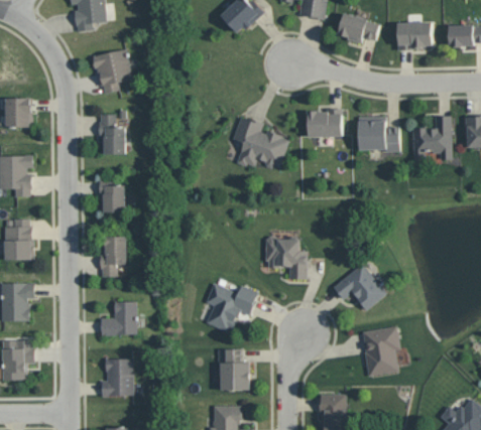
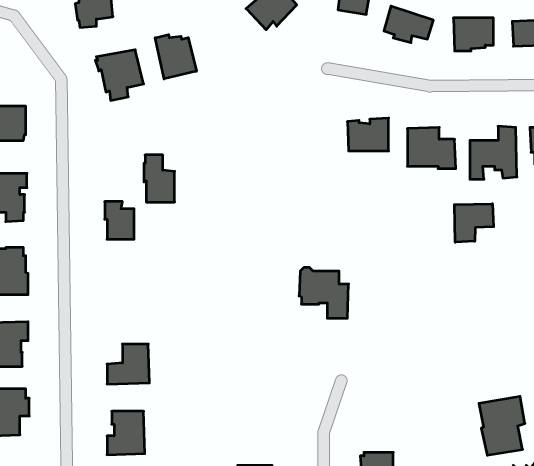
building: none -> [155,35,196,79]
building: [99,115,125,155] -> [144,155,175,202]
building: [232,118,288,168] -> none
building: none -> [454,204,494,242]
building: [100,237,126,277] -> none
building: [333,264,385,311] -> none
building: [206,283,258,331] -> none
building: [361,326,400,377] -> [479,396,525,455]
building: [217,349,249,391] -> none

